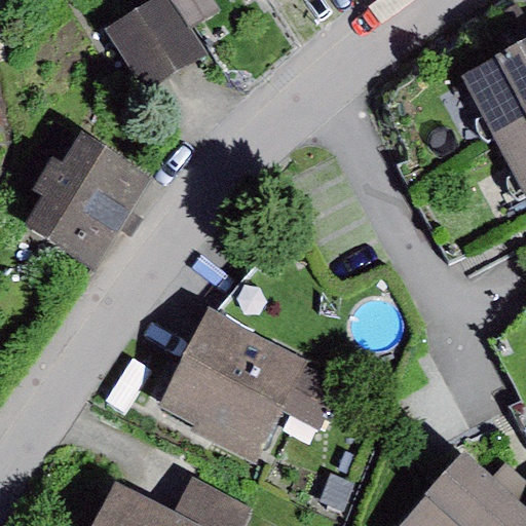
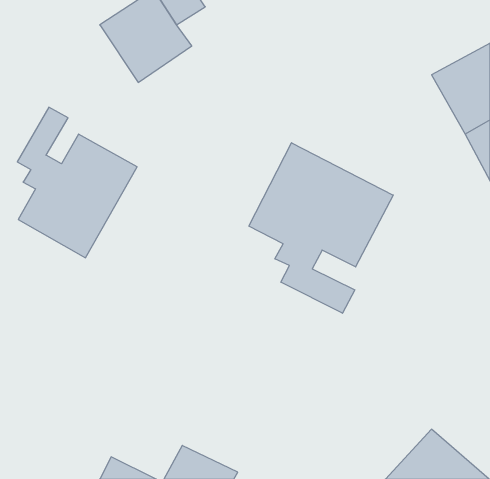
building: none -> [249,143,393,313]
building: [154,306,345,463] -> none

